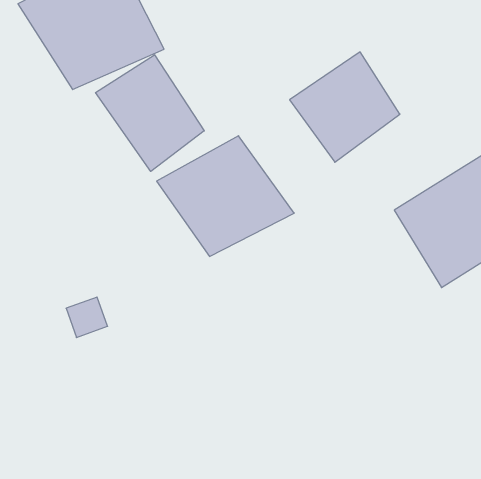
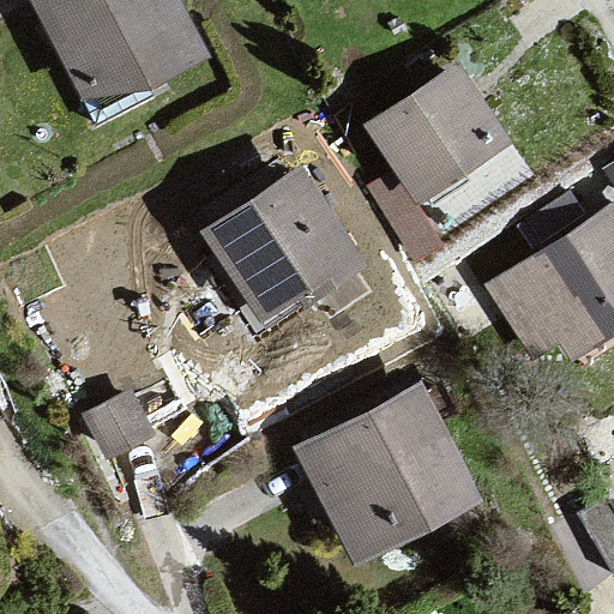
building: [96,55,204,171] -> none
building: none -> [290,380,482,566]

